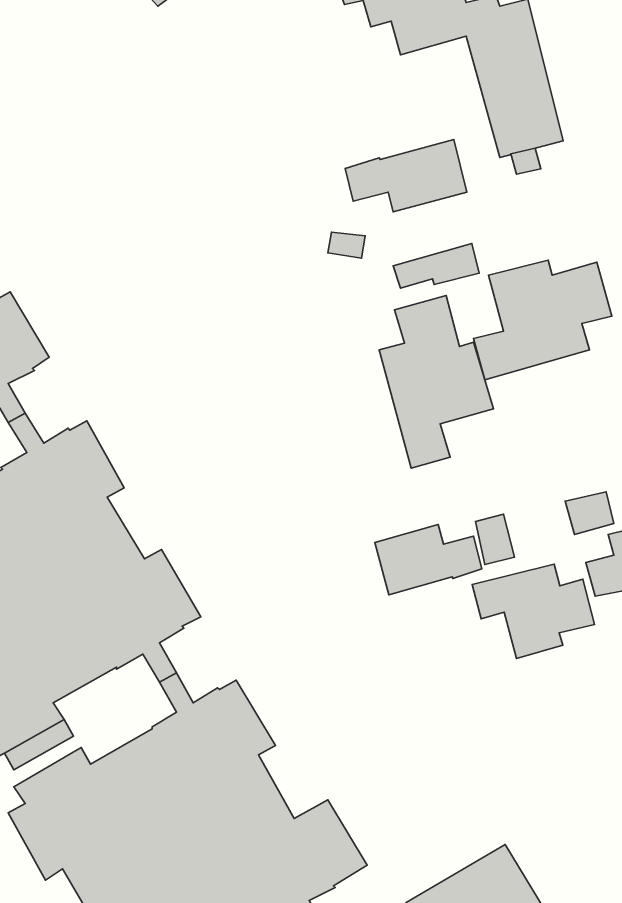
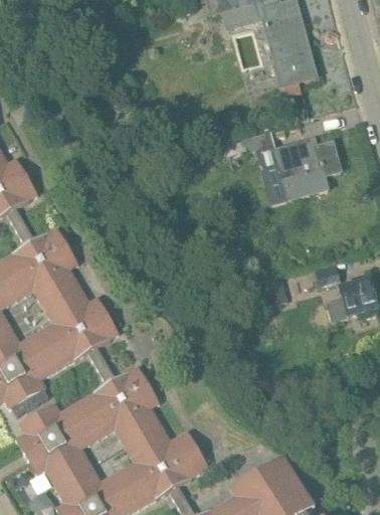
building: [345,140,467,212] -> none
building: [379,296,493,468] -> none
building: [375,524,482,595] -> none
building: [472,564,595,659] -> none

